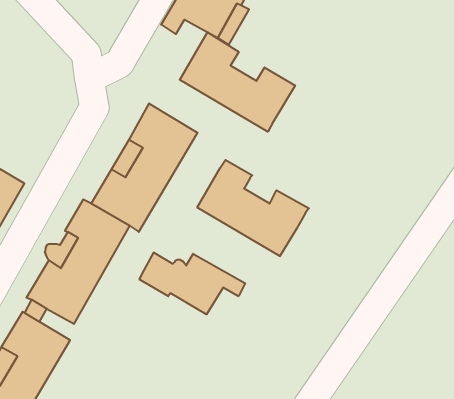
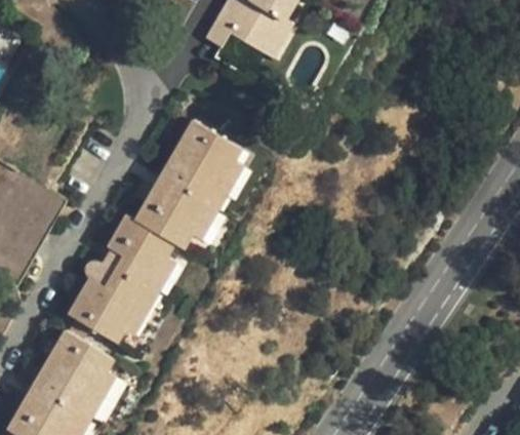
building: [180,32,295,132] -> none
building: [197,160,309,256] -> none
building: [140,252,245,314] -> none

